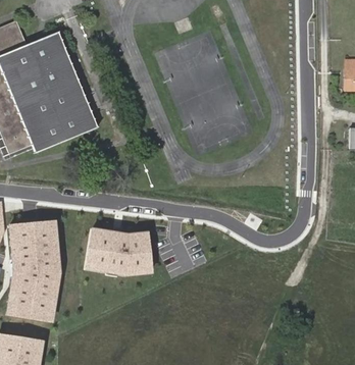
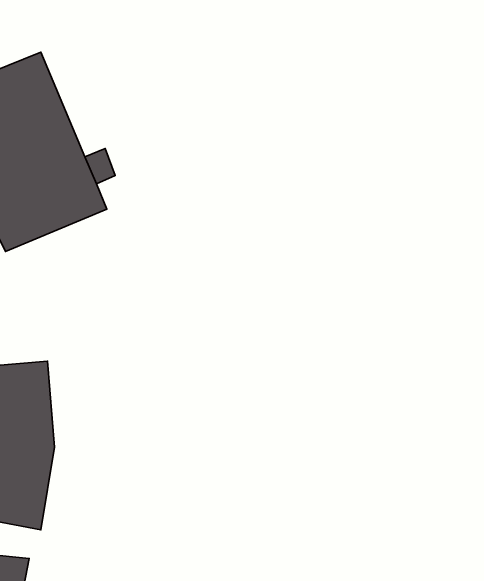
building: [87,226,155,276] -> none

